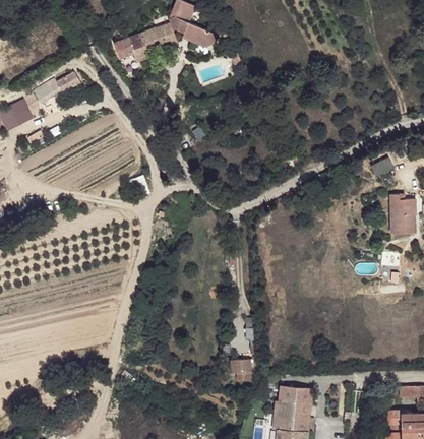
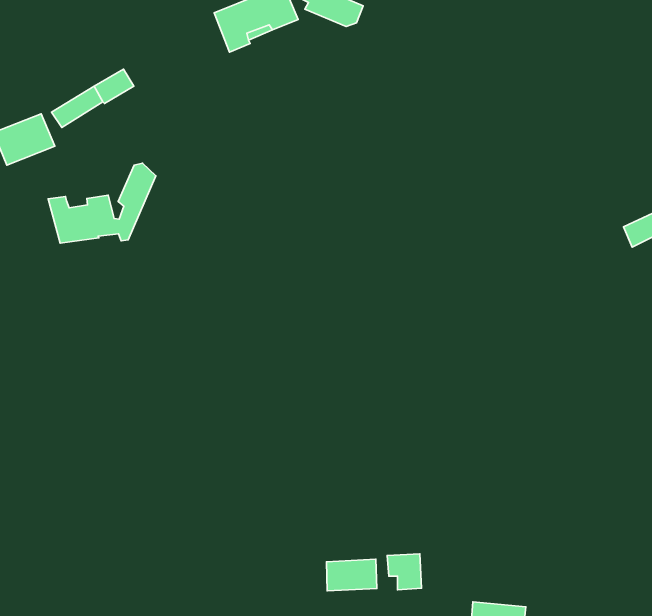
building: none -> [48,163,156,243]
building: none -> [327,559,377,591]

